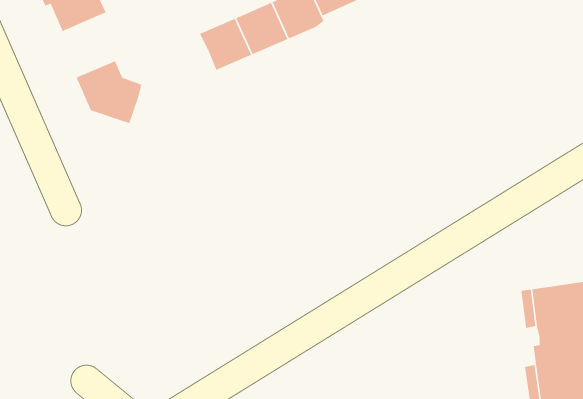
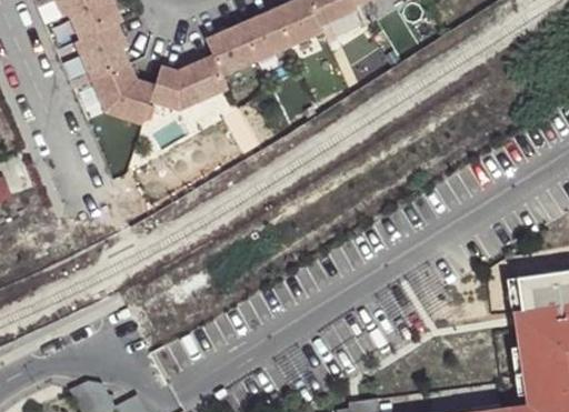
building: none -> [80,24,133,81]
building: none -> [154,57,231,110]

